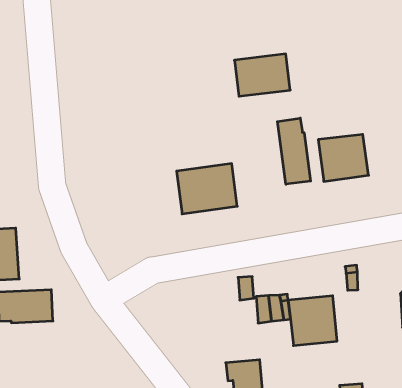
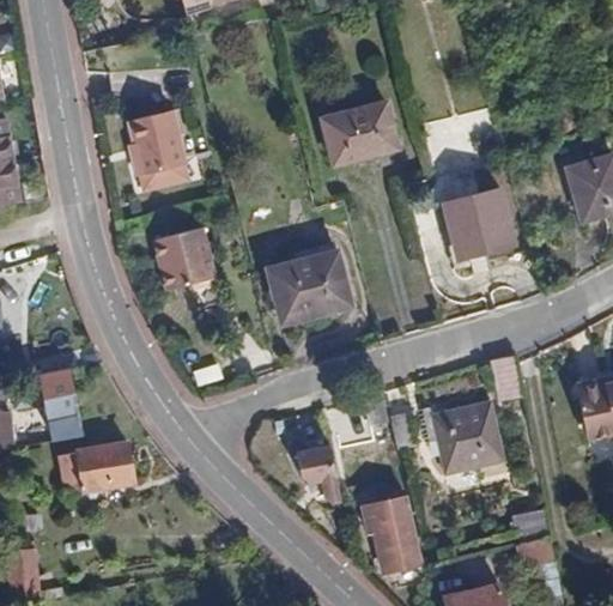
building: none -> [133,113,194,194]
building: [277,118,311,184] -> none
building: none -> [157,226,221,291]
building: none -> [301,448,345,505]

